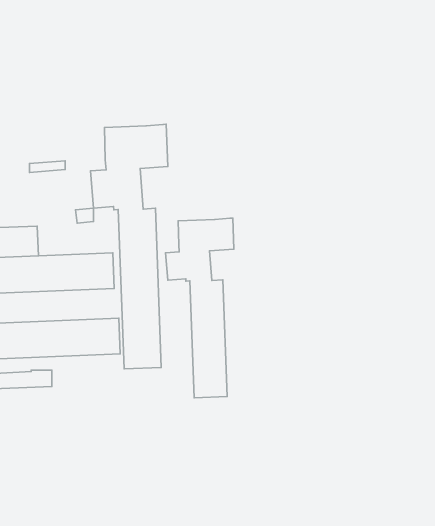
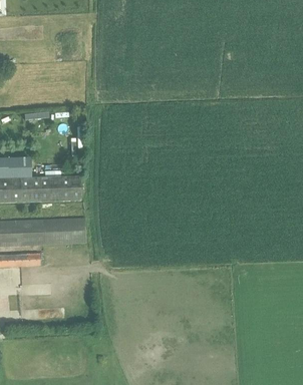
building: [91,124,168,369] -> none
building: [166,218,234,398] -> none

